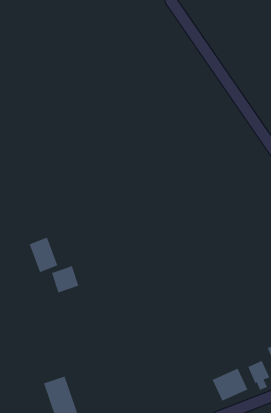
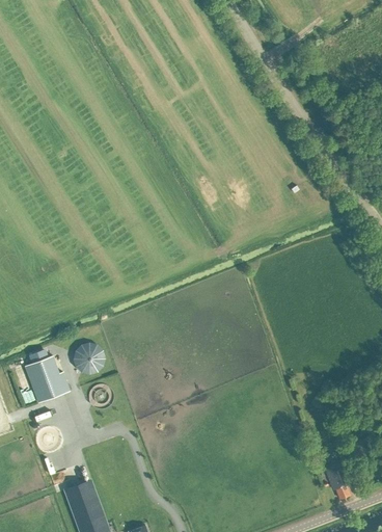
building: [29,237,58,273] -> [24,356,61,402]
building: [212,368,248,401] -> none

